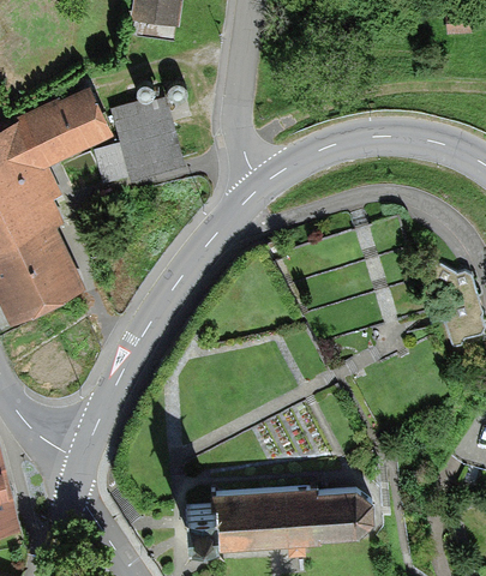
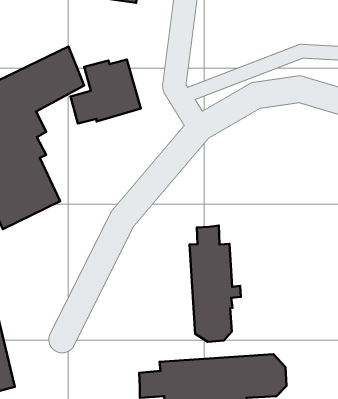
building: none -> [189,226,241,342]

